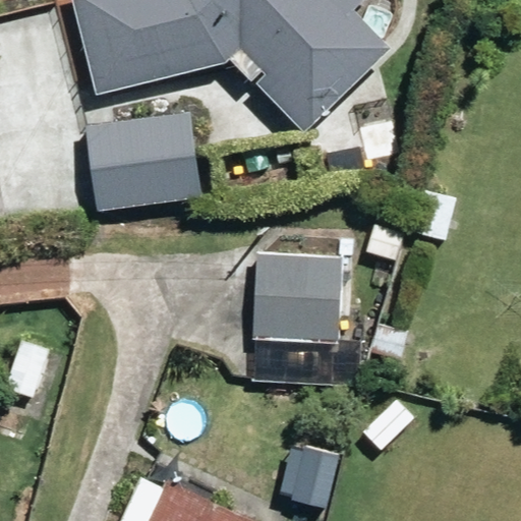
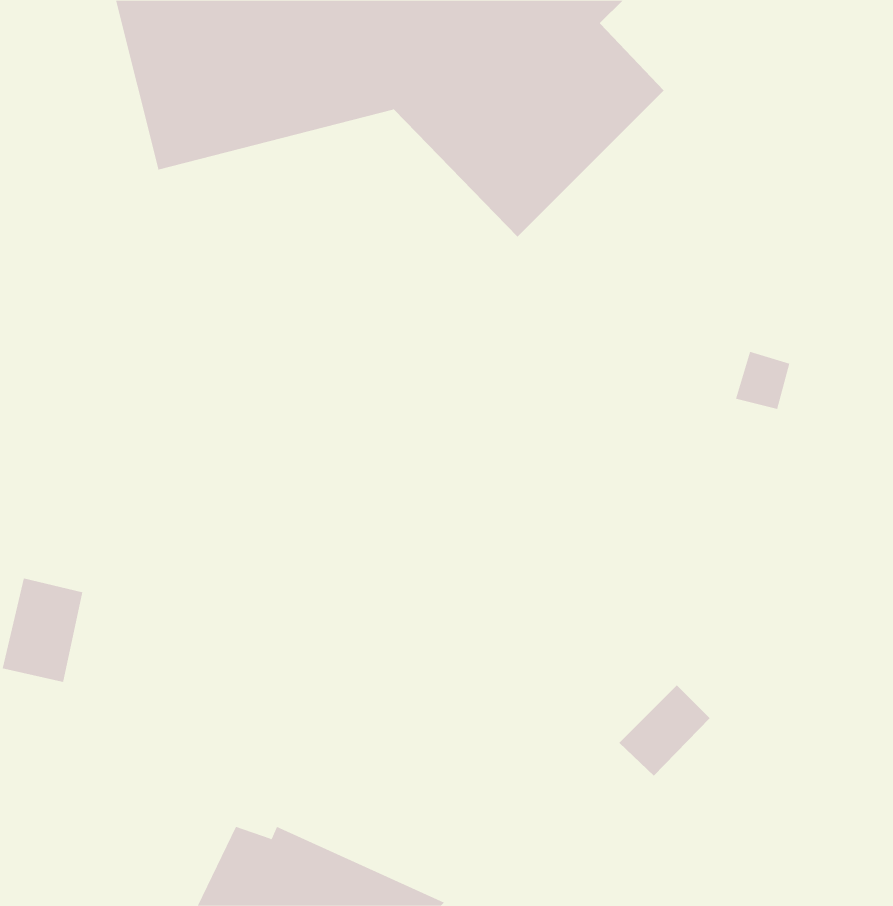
building: [86,118,195,198] -> none
building: [252,244,367,379] -> none

